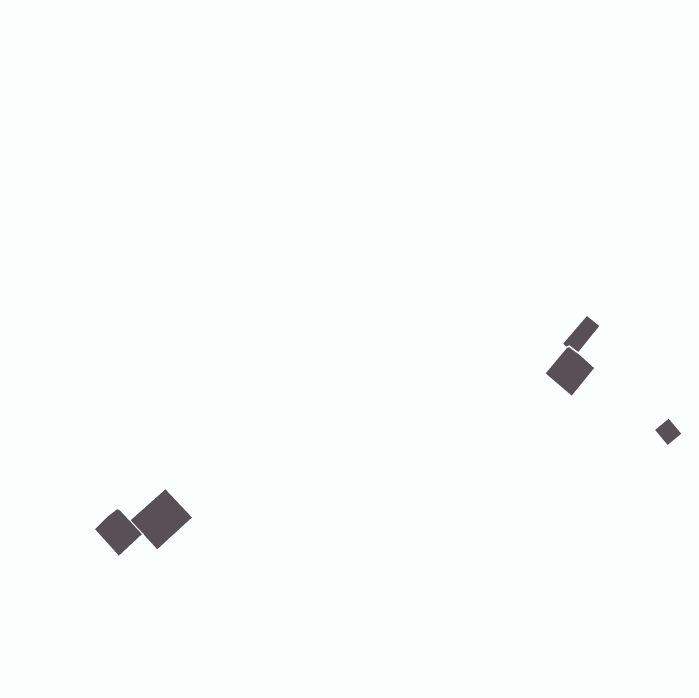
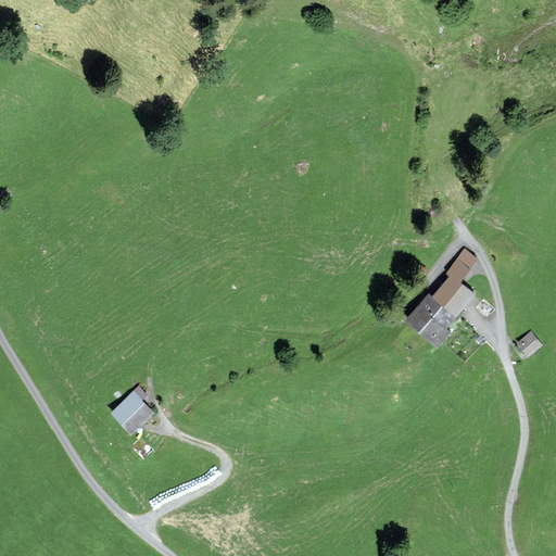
building: none -> [407,293,454,344]
building: [94,508,143,557] -> none

